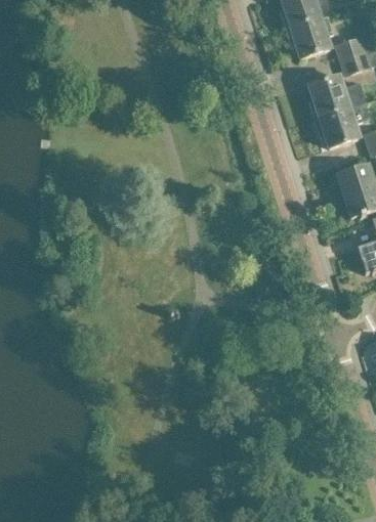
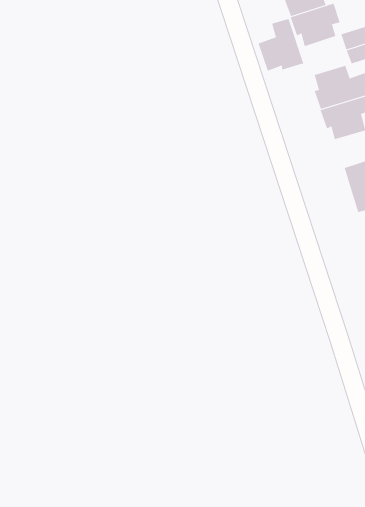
building: none -> [258,18,304,71]

